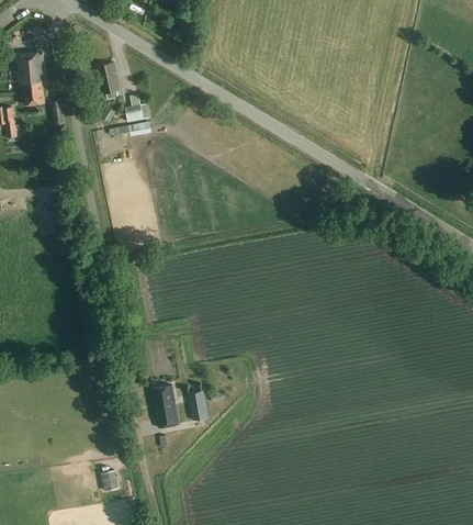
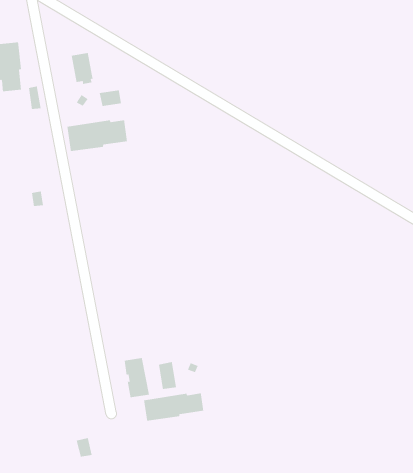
building: none -> [67,119,128,152]
building: none -> [143,393,204,422]

